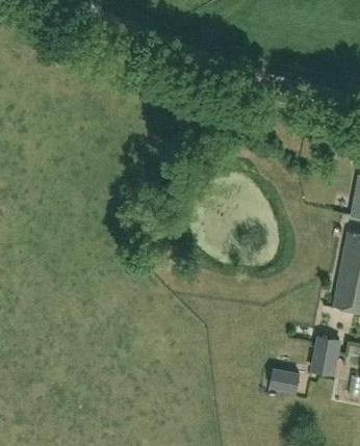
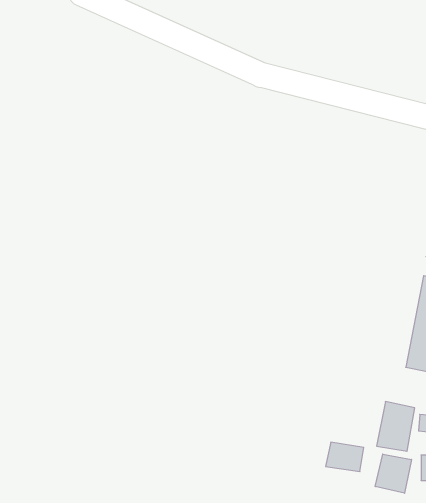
building: none -> [375,454,411,493]

